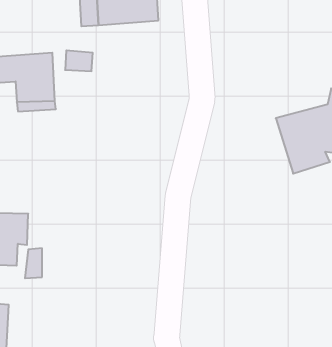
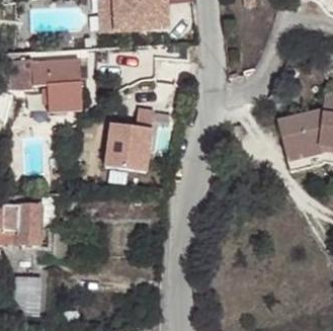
building: none -> [105,109,156,172]

